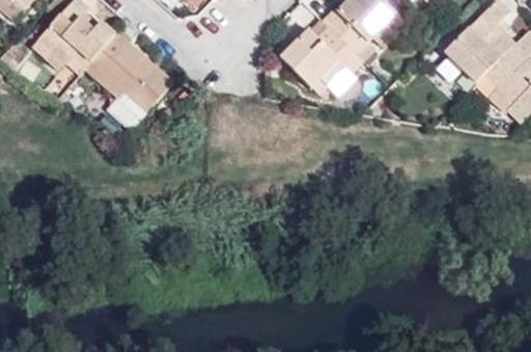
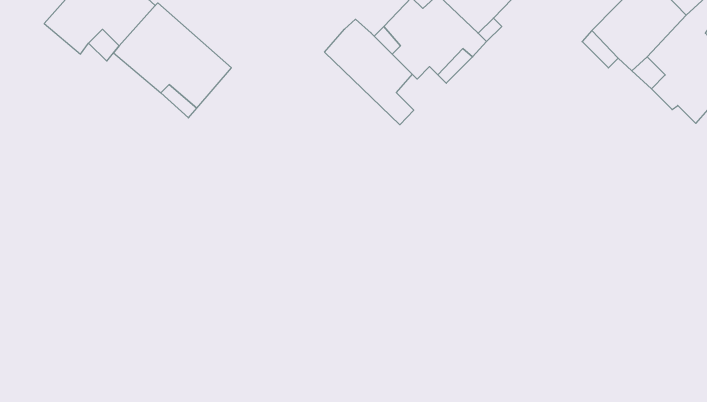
building: none -> [325,19,414,125]

